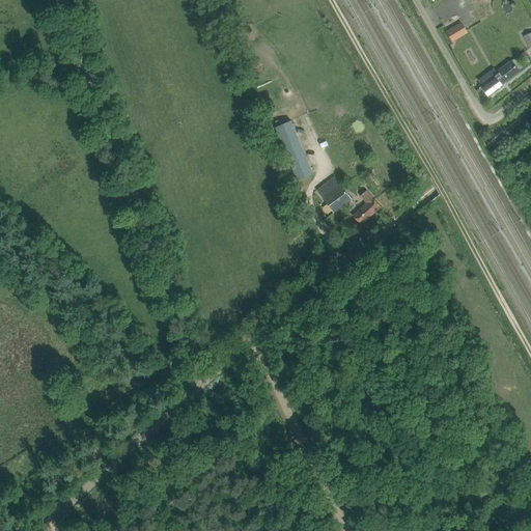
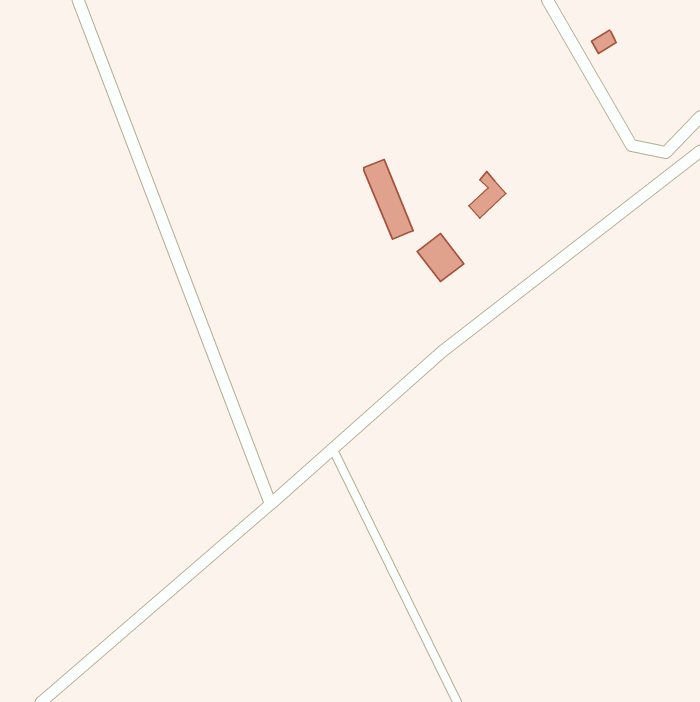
building: [477,61,519,96] -> none
building: [352,190,380,225] -> [469,171,506,218]

